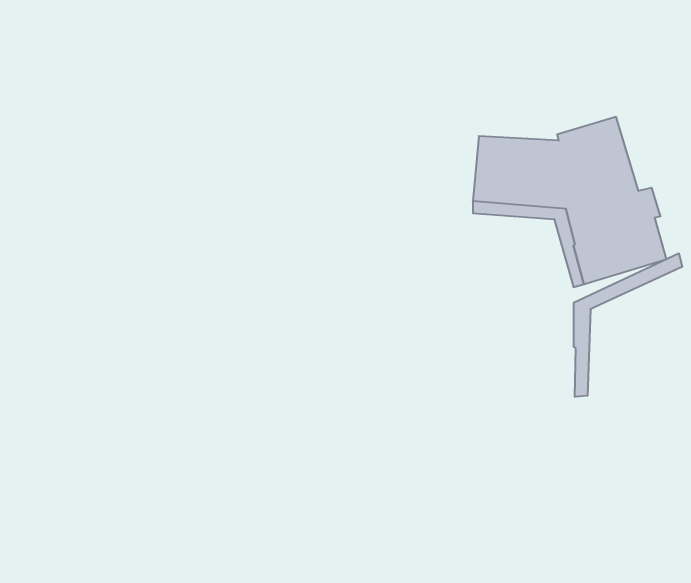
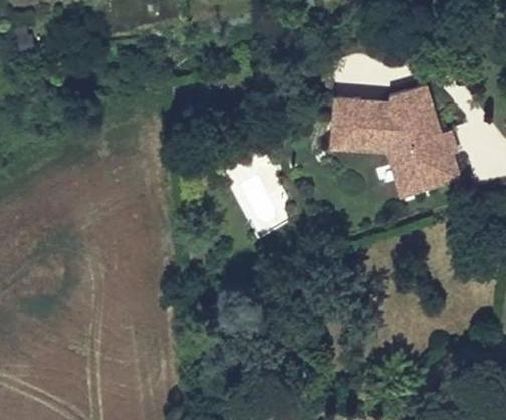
building: [574,253,682,397] -> none

